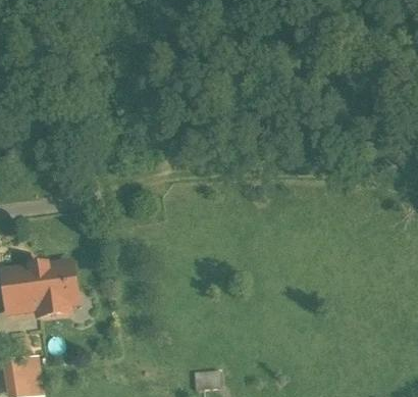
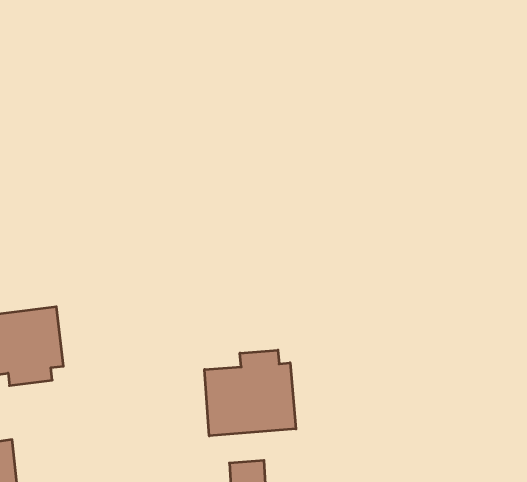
building: none -> [205,350,296,436]

